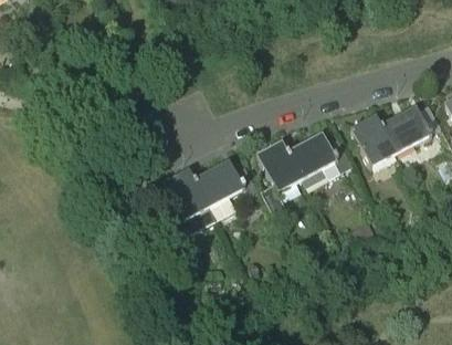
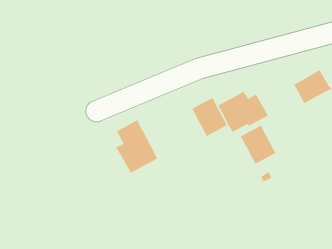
building: [351,115,397,165] -> [240,124,276,165]
building: [197,161,245,218] -> none

